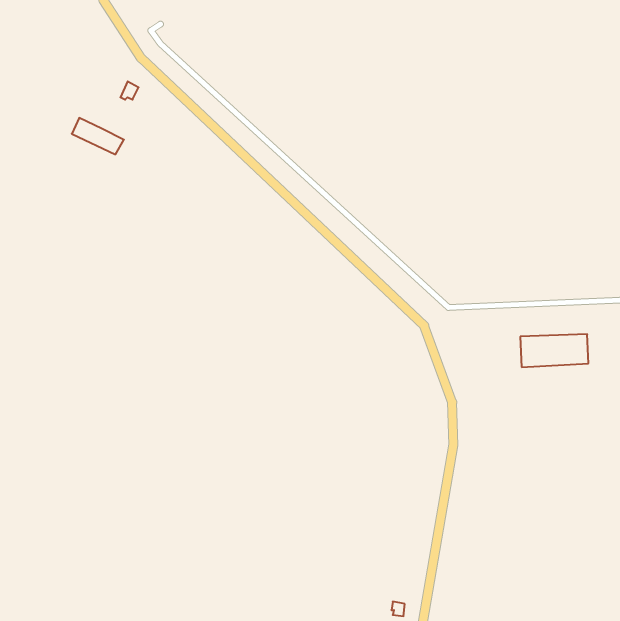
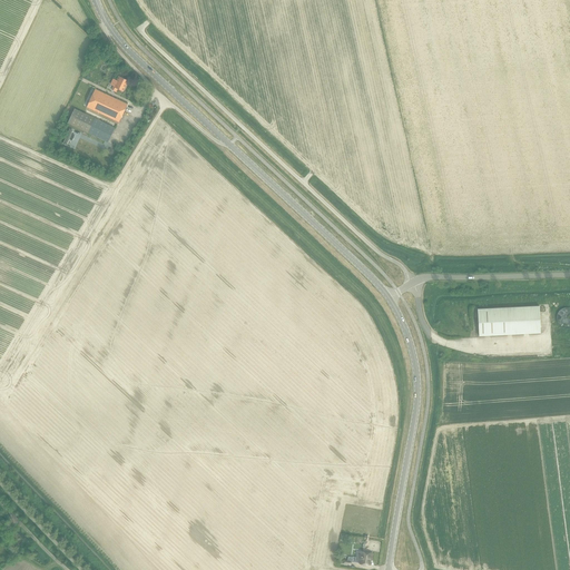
building: none -> [86,88,126,121]

